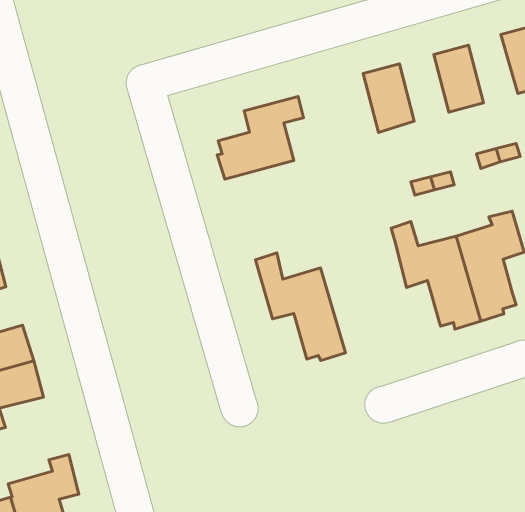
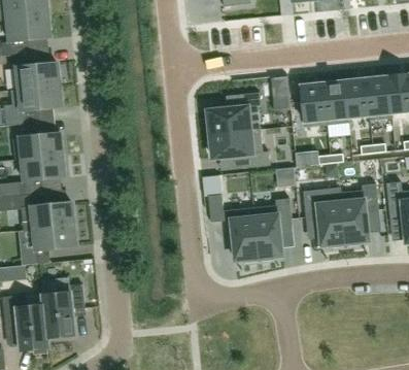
building: none -> [366,76,390,115]
building: none -> [322,81,347,120]
building: none -> [271,75,291,111]
building: none -> [206,131,266,169]
building: none -> [254,178,293,251]

